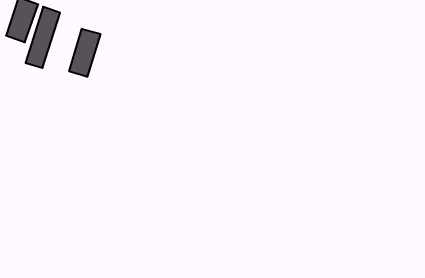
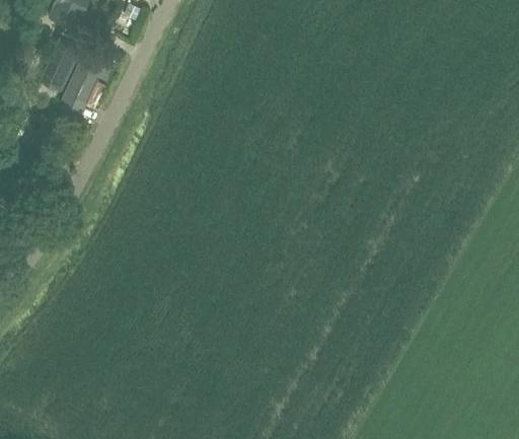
building: [69,29,100,77] -> none

